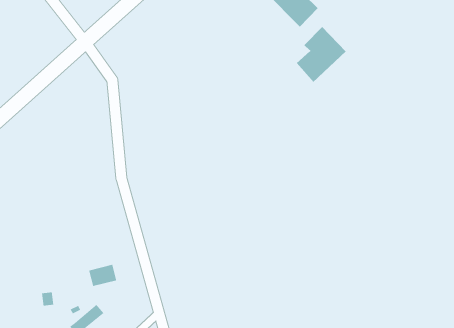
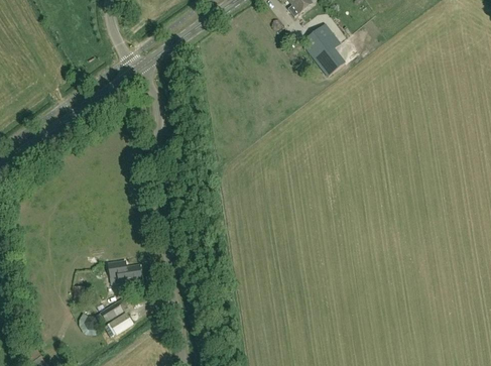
building: [296,26,347,83] -> none

